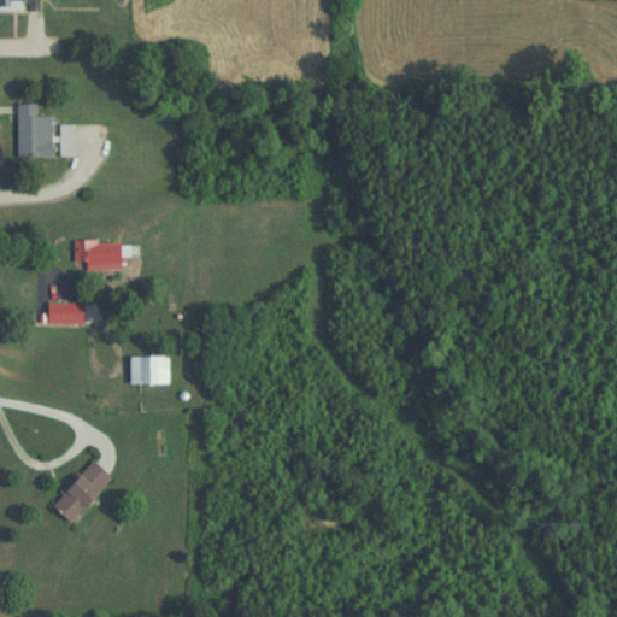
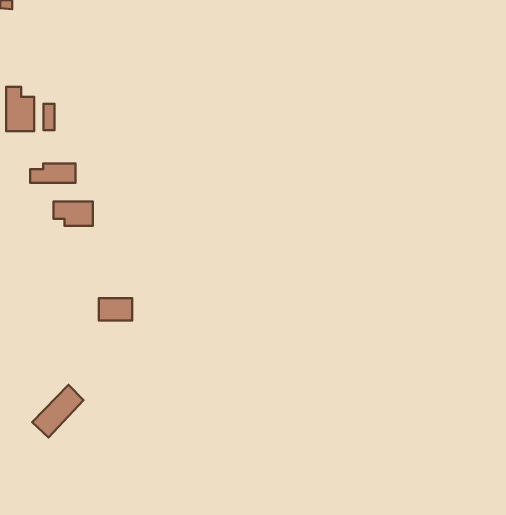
building: none -> [30,164,76,183]
building: [48,302,84,324] -> none

